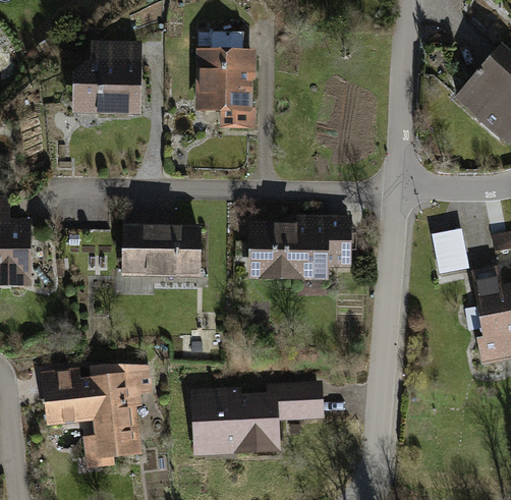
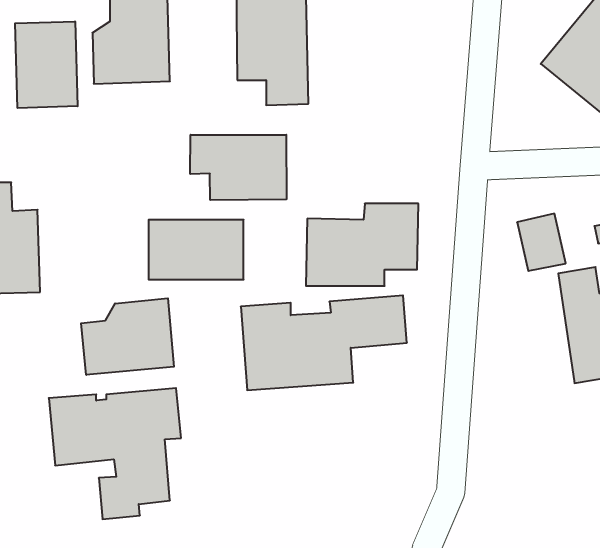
building: none -> [15,21,78,108]
building: none -> [190,135,286,200]
building: none -> [81,298,174,375]
building: [191,379,327,456] -> [241,295,407,390]

